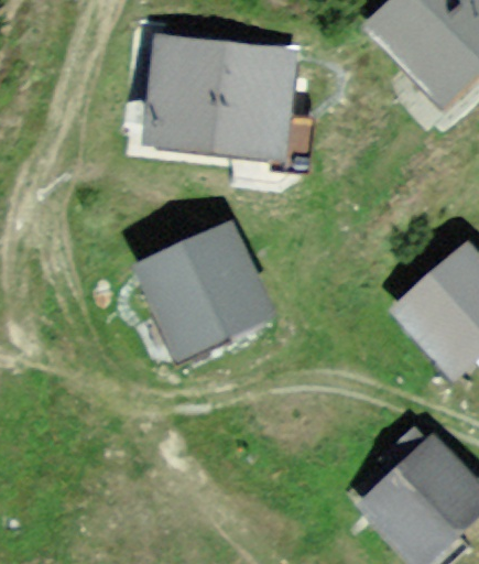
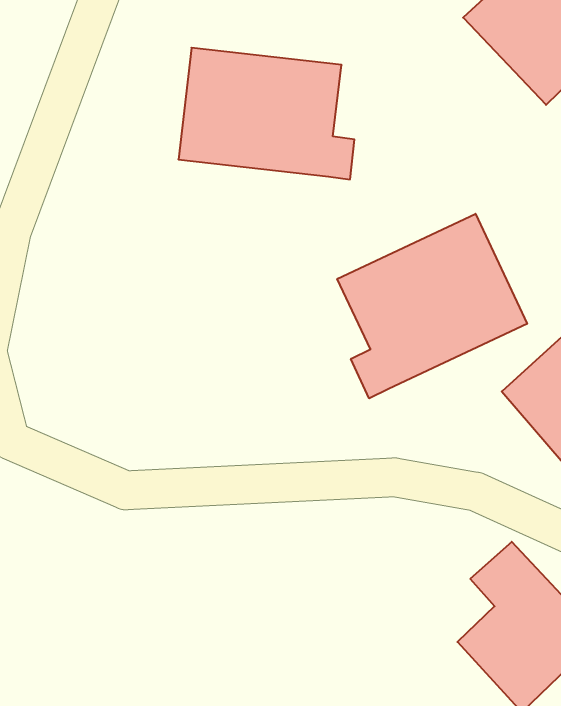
building: none -> [337,214,527,398]
building: [149,237,260,348] -> none

